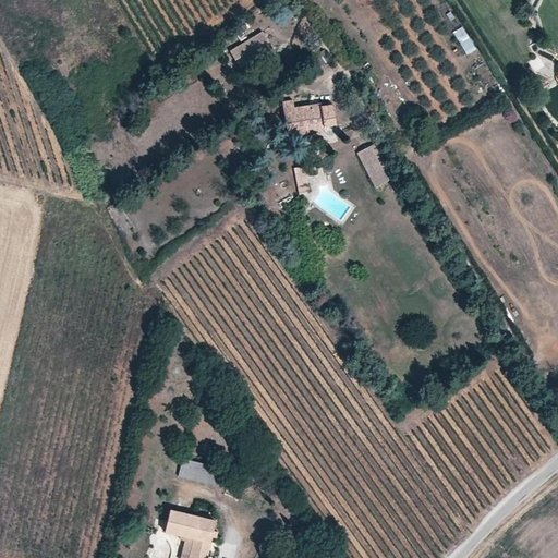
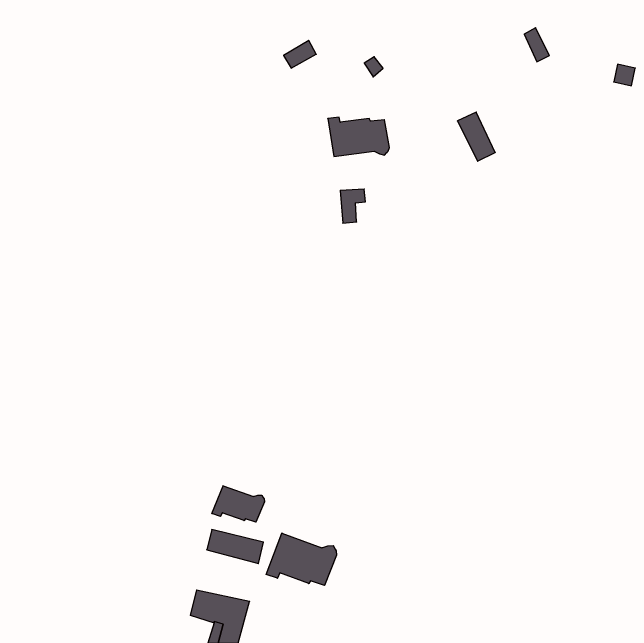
building: [357,144,390,186] -> [457,112,495,161]
building: none -> [212,486,264,522]
building: none -> [266,533,337,585]

